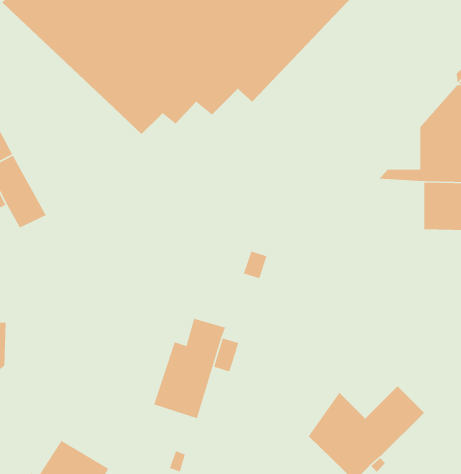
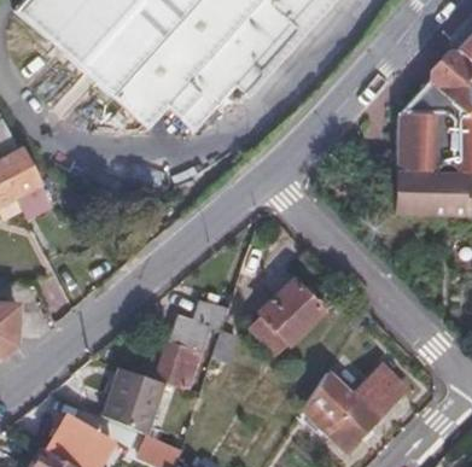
building: none -> [241,274,316,350]
building: none -> [101,364,163,434]

